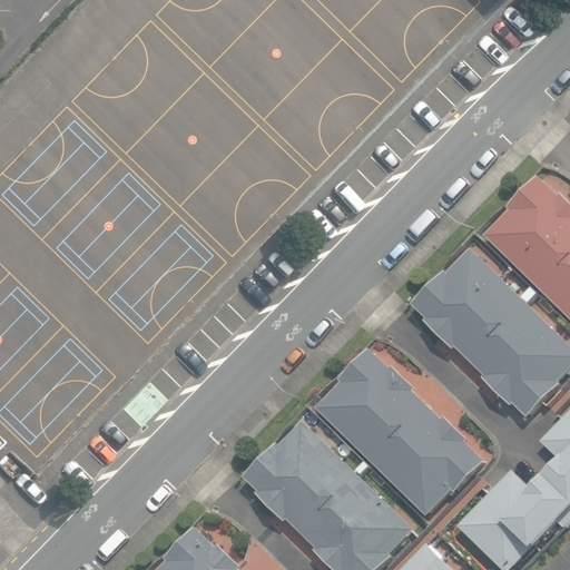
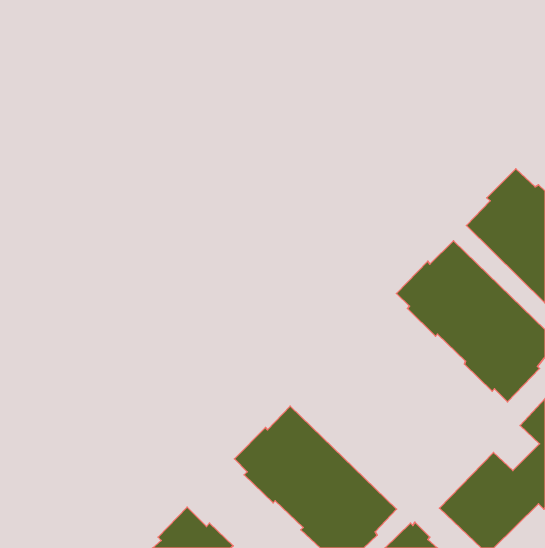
building: [316,348,483,514] -> none

